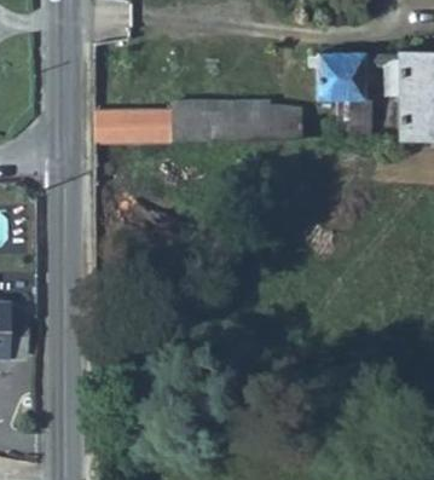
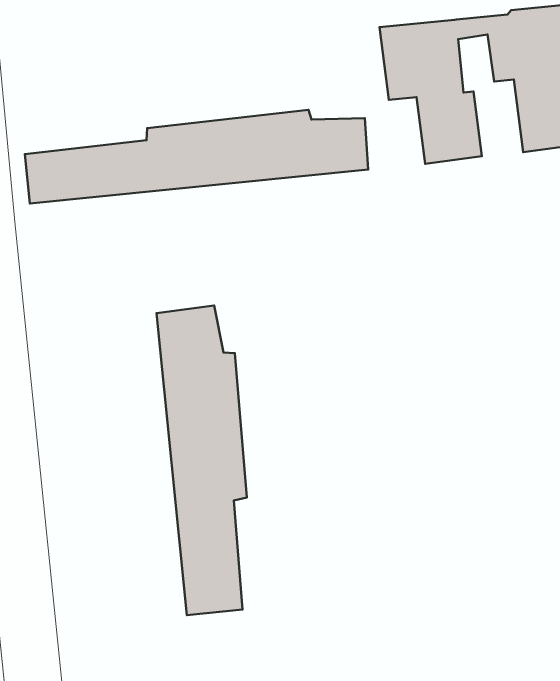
building: none -> [157,306,247,615]

